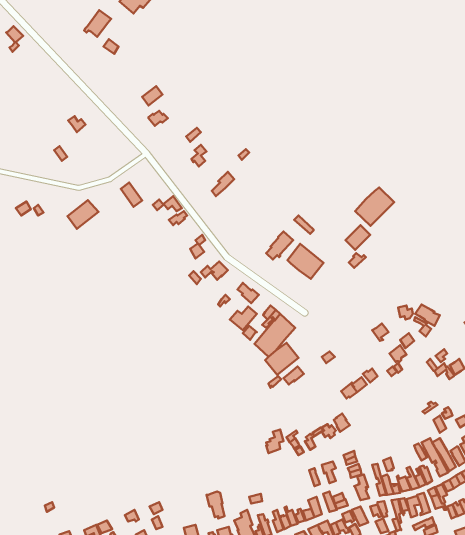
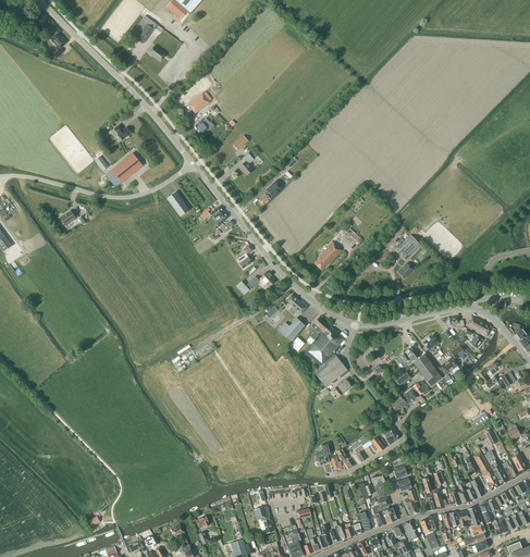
building: [355,187,394,226] -> none
building: [67,200,98,229] -> [111,153,143,183]
building: [287,244,324,279] -> none
building: none -> [394,349,441,387]

